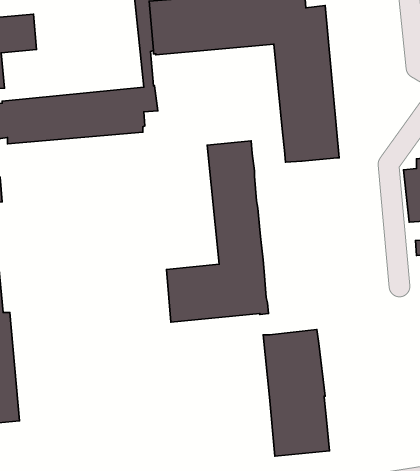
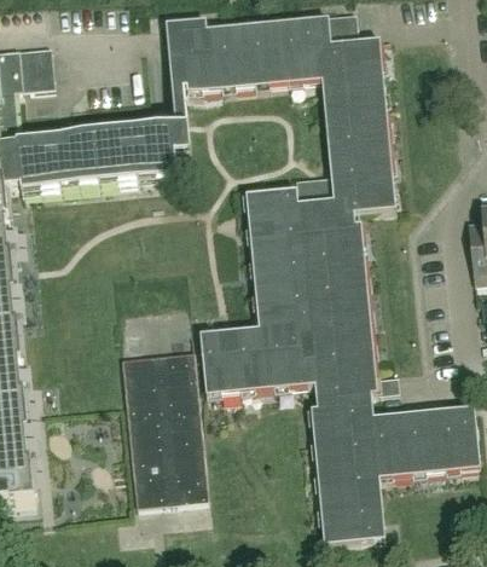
building: none -> [295,177,377,405]
building: none -> [121,352,203,513]
building: none -> [372,404,480,475]

